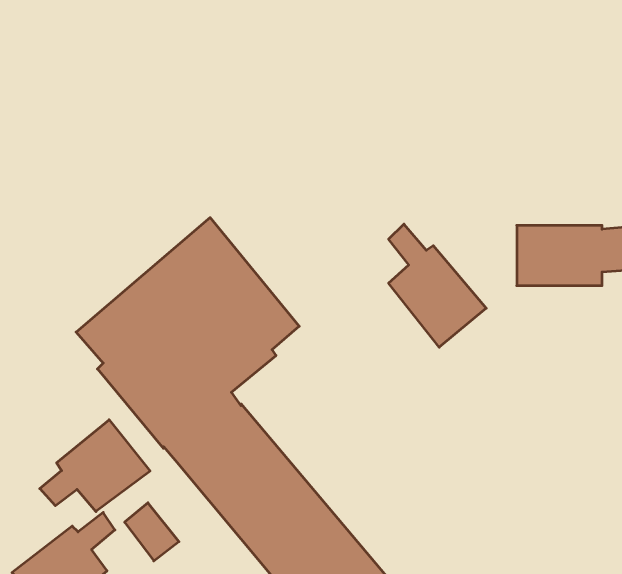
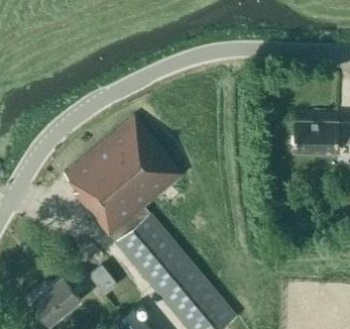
building: [389,224,486,347] -> none
building: [40,420,150,512] -> none

